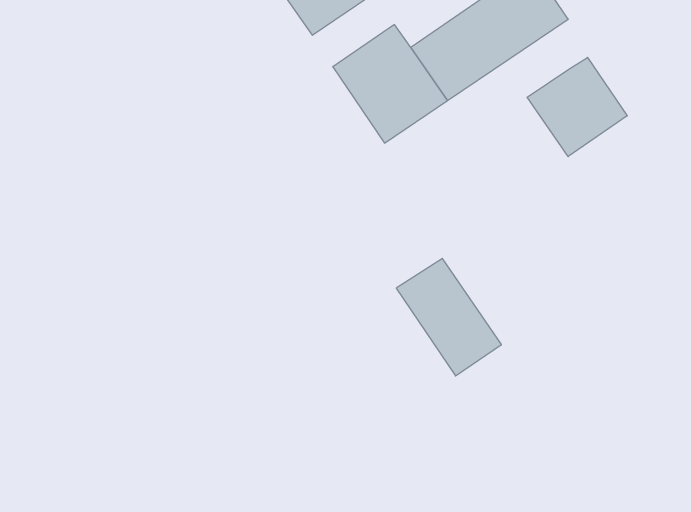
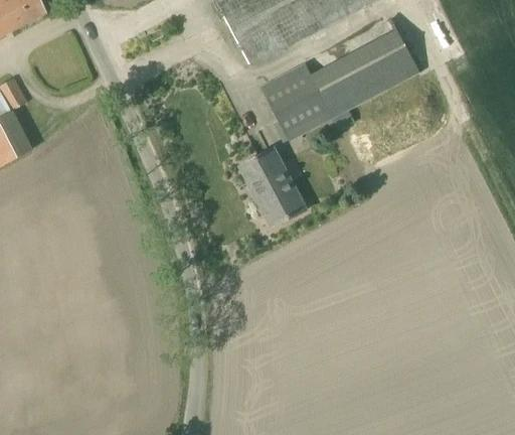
building: [527,57,627,157] -> none
building: [396,258,501,376] -> [240,149,305,227]

